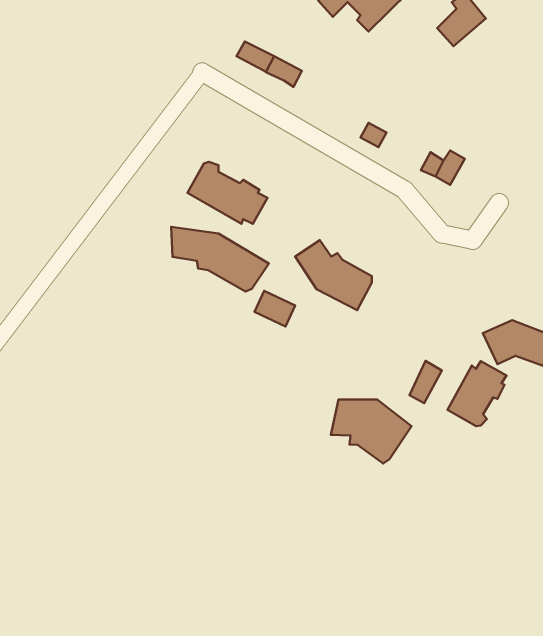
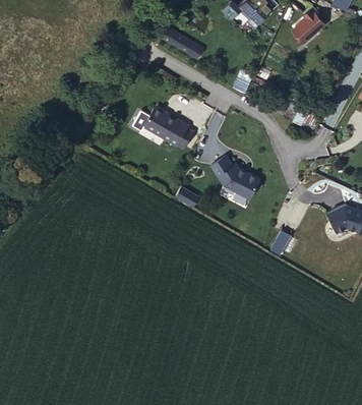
building: [171,227,269,291] -> none
building: [448,361,506,426] -> none
building: [331,399,411,464] -> none

